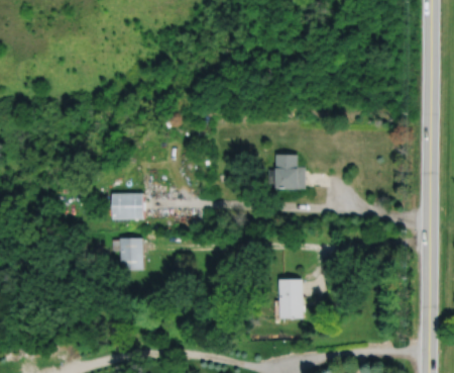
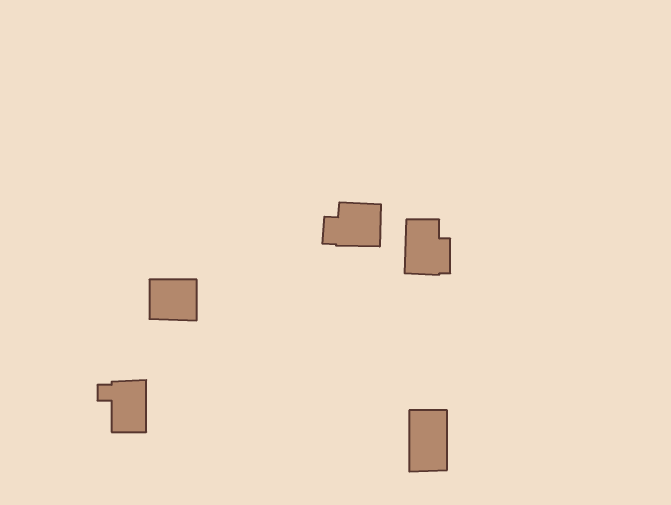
building: none -> [322,202,381,247]
building: [112,237,143,270] -> [97,380,146,432]

